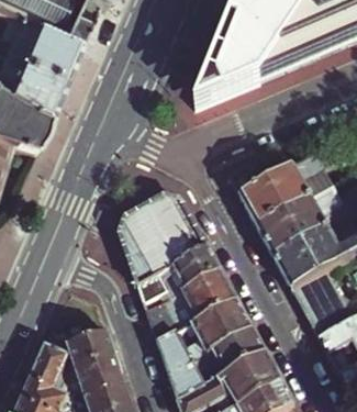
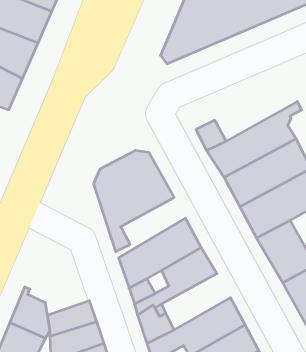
building: [145,247,219,311] -> none
building: [199,327,266,387] -> none
building: [69,335,118,370] -> none

